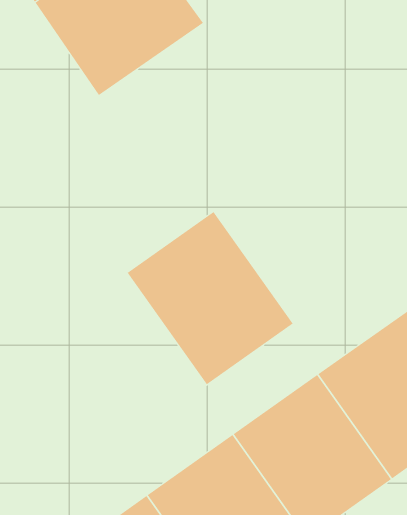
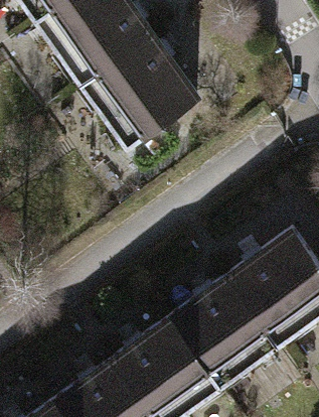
building: none -> [81,36,198,151]
building: [127,211,293,385] -> none

